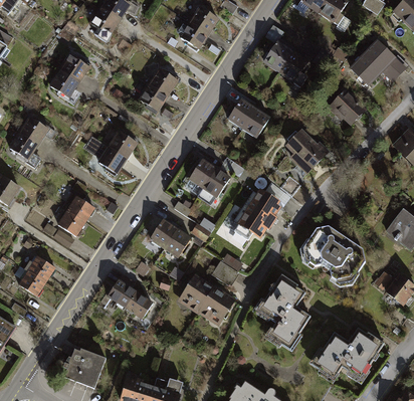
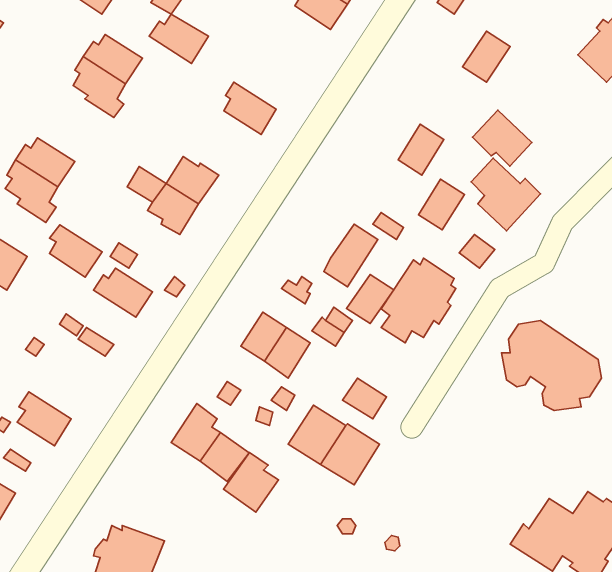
building: [267,44,295,74] -> none
building: [146,70,181,99] -> [149,14,209,63]
building: [329,89,364,123] -> [472,110,532,166]
building: [229,99,256,130] -> [419,179,464,230]
building: [189,159,217,188] -> [346,275,394,324]
building: [56,207,87,238] -> [50,225,102,277]
building: [24,254,58,283] -> none
building: [253,272,309,347] -> none
building: none -> [224,452,279,512]

